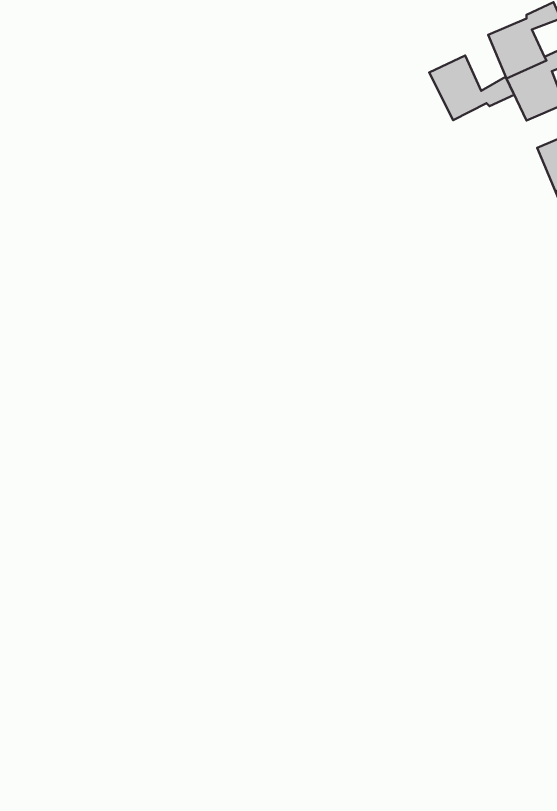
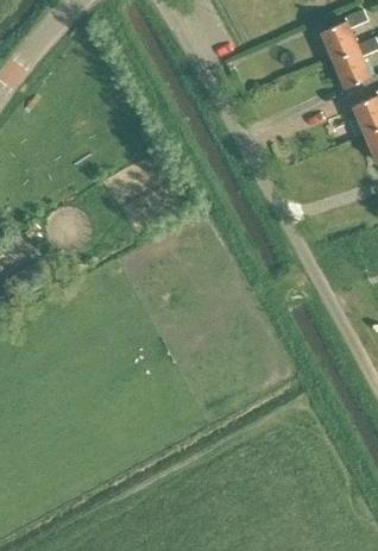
building: [429,56,514,120] -> none

